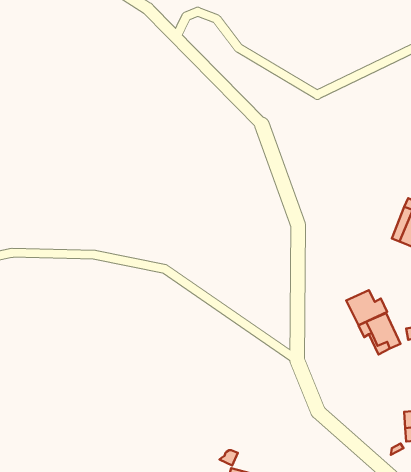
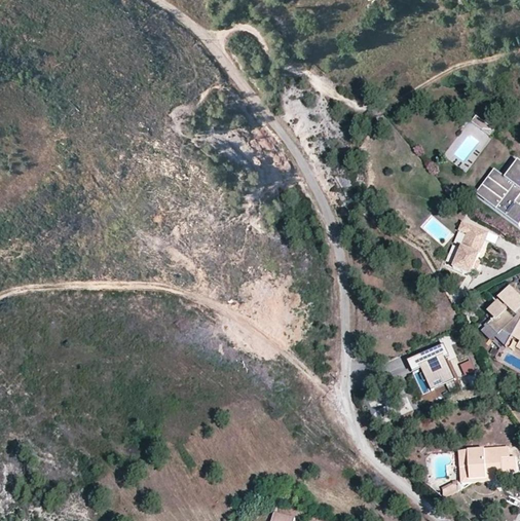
building: [346,290,387,325] -> none

